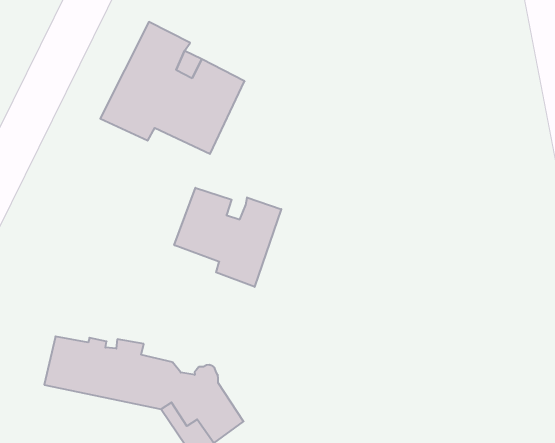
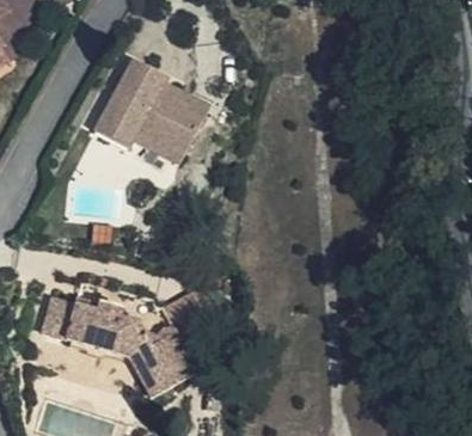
building: [174,188,281,287] -> none

